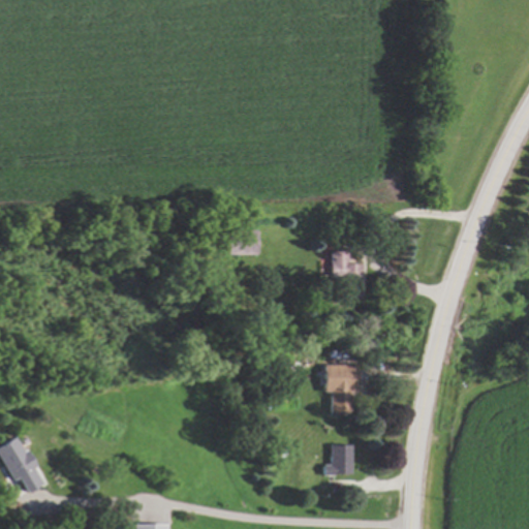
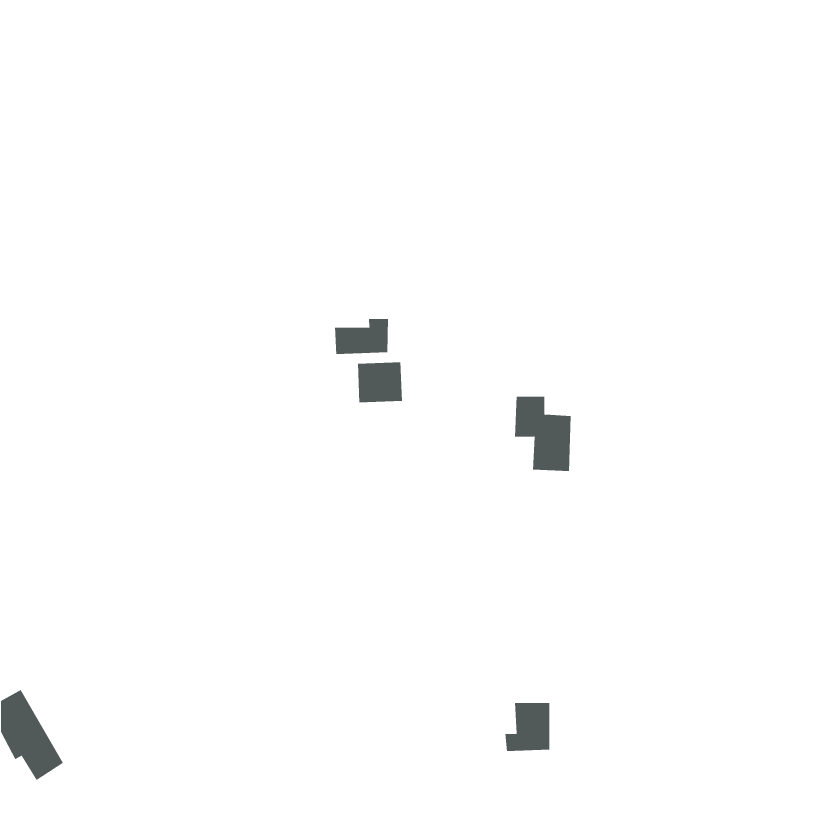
building: none -> [335,318,388,355]
building: [323,367,356,414] -> none

